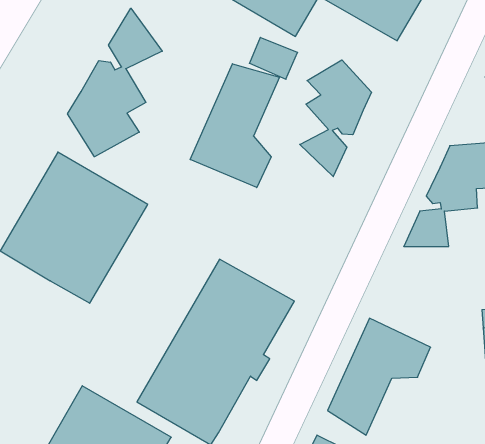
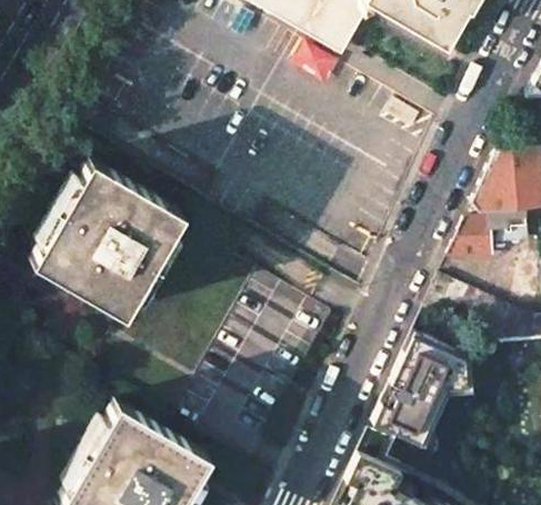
building: [68,8,162,157] -> none
building: [300,60,372,177] -> none
building: [190,64,279,188] -> none

